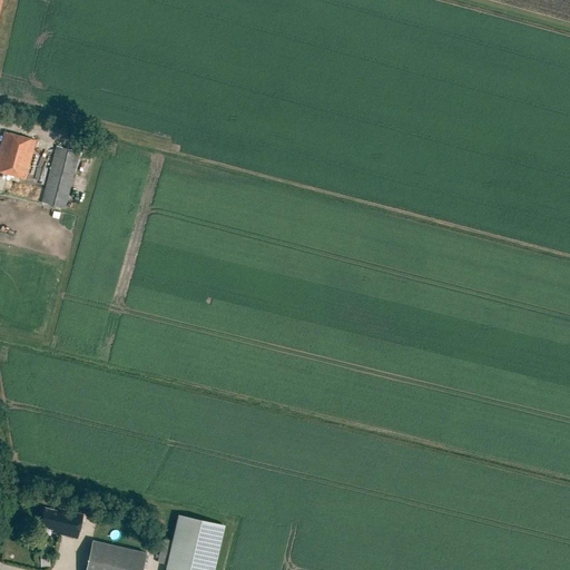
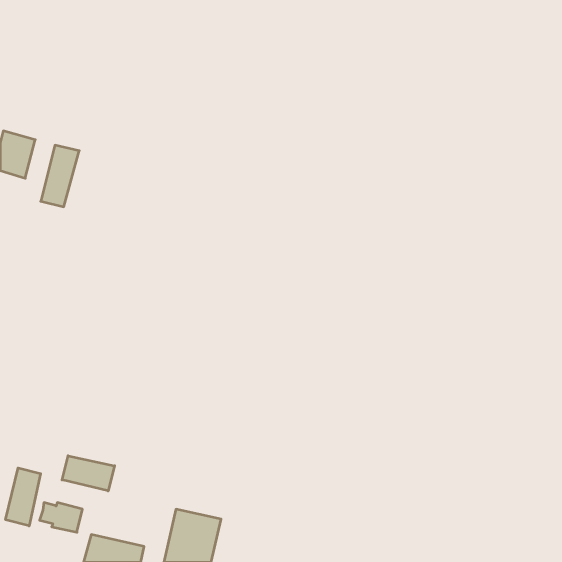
building: none -> [62,456,115,491]
building: none -> [6,468,41,526]

